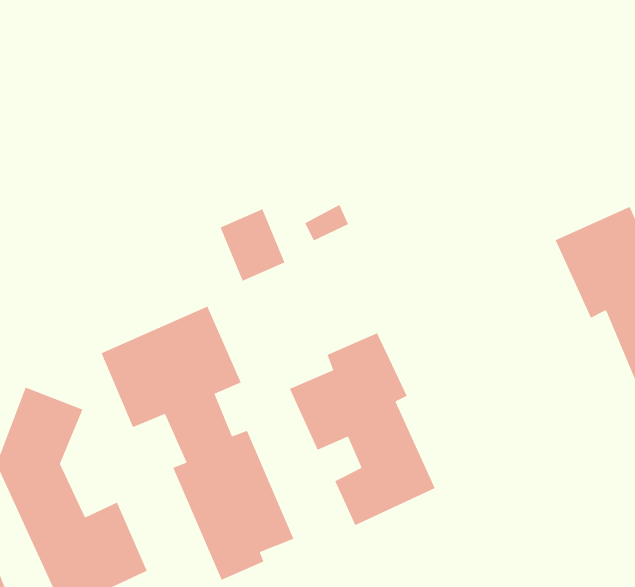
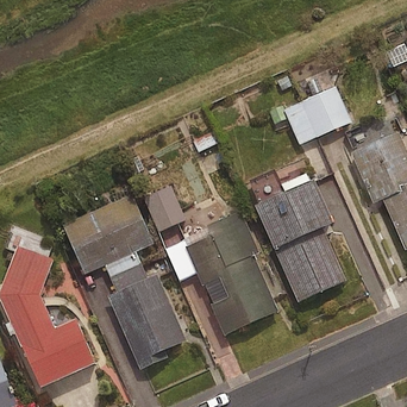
building: none -> [283,89,349,146]
building: [220,208,286,282] -> [143,188,184,234]
building: none -> [255,179,346,301]

